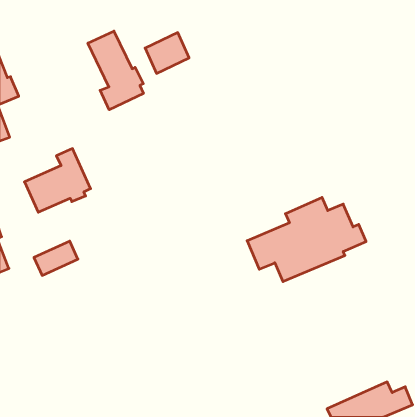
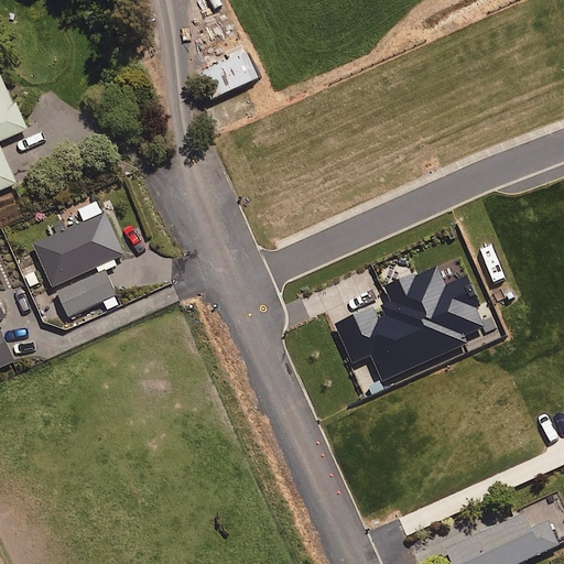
building: [88,31,143,110] -> none
building: [34,241,78,275] -> [55,271,115,317]

